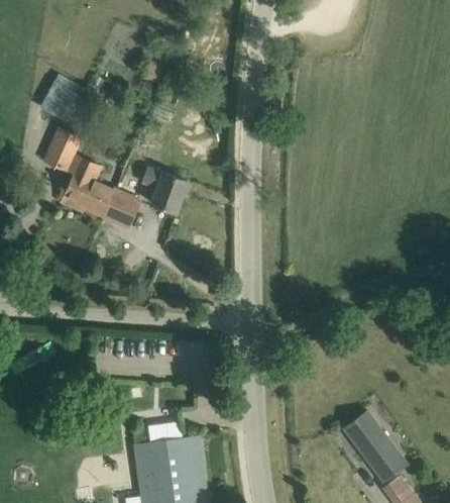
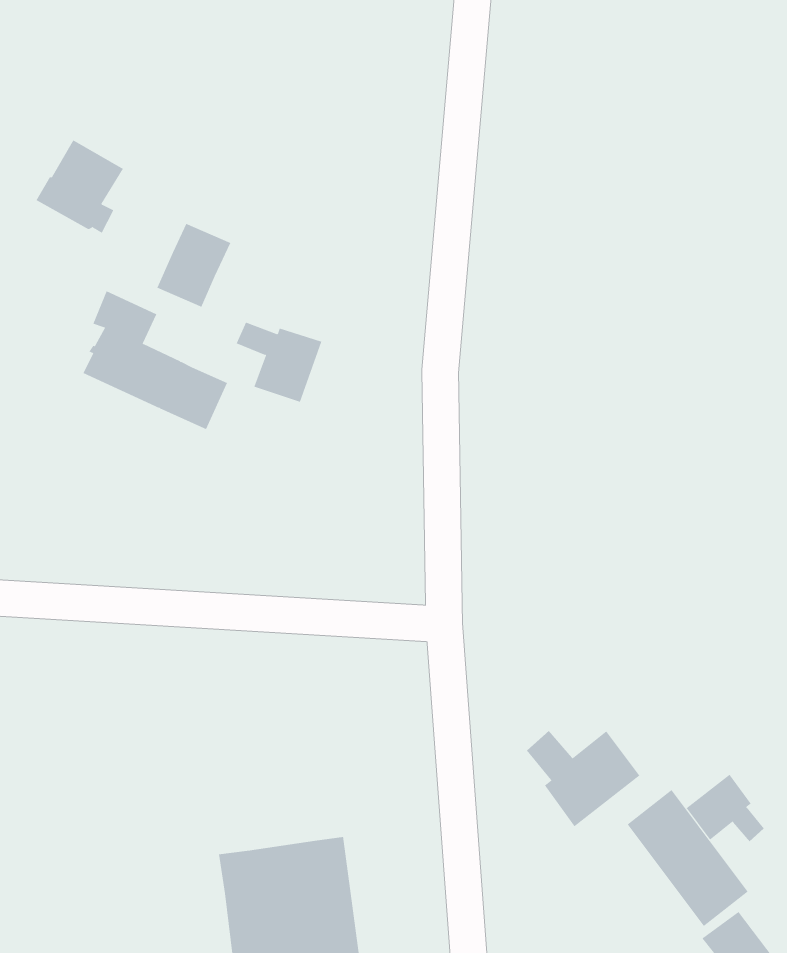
building: [44,127,83,171] -> [157,223,231,308]
building: none -> [526,730,640,827]
building: none -> [686,774,764,842]

